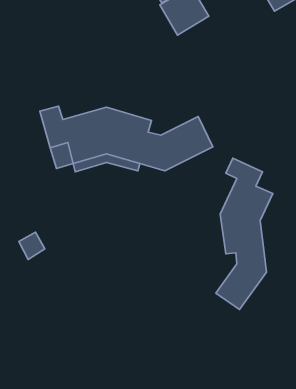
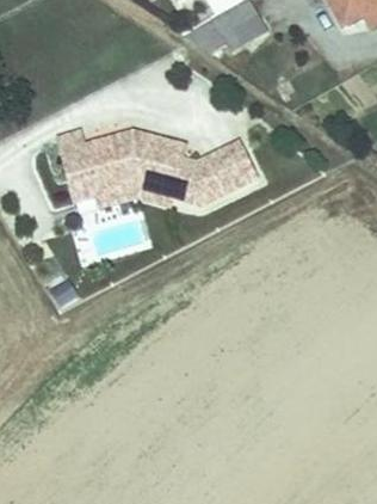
building: [216,158,273,310] -> none

